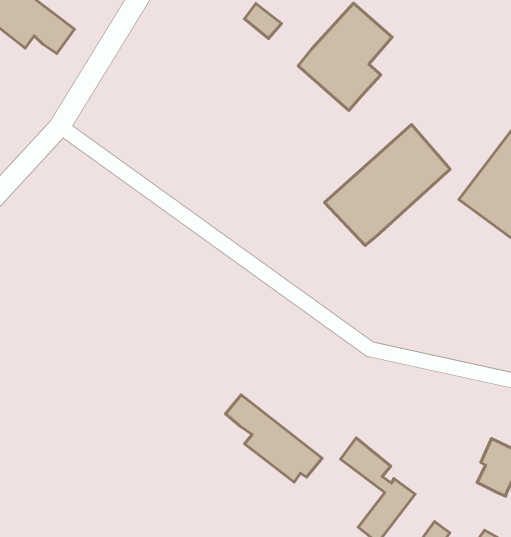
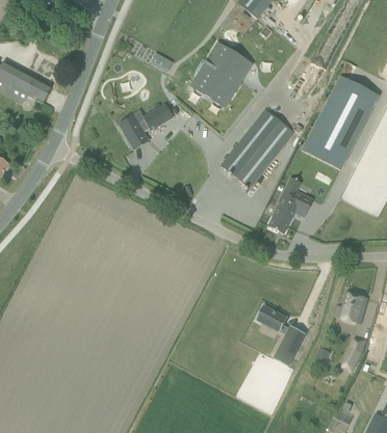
building: none -> [120,103,173,148]
building: none -> [267,178,313,234]
building: [226,395,322,482] -> none

